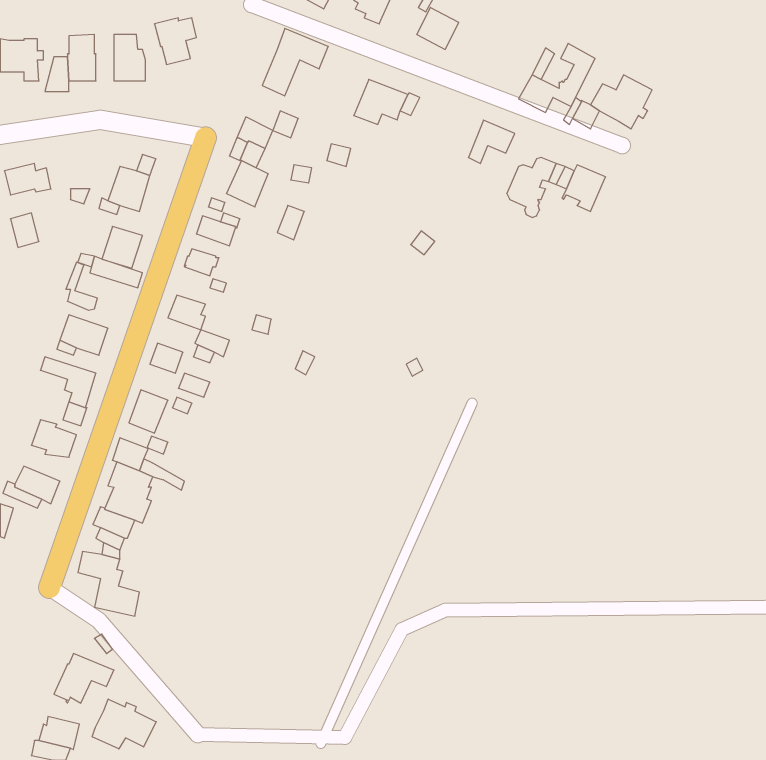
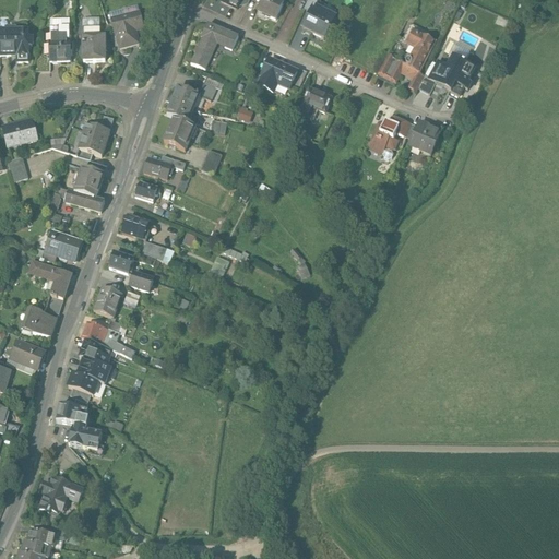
building: [468,120,515,164] -> [298,87,332,119]
building: [92,699,156,749] -> none

